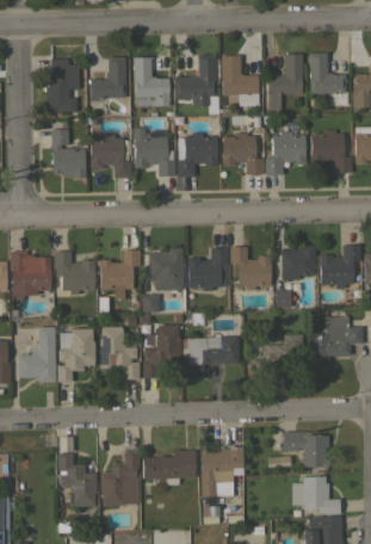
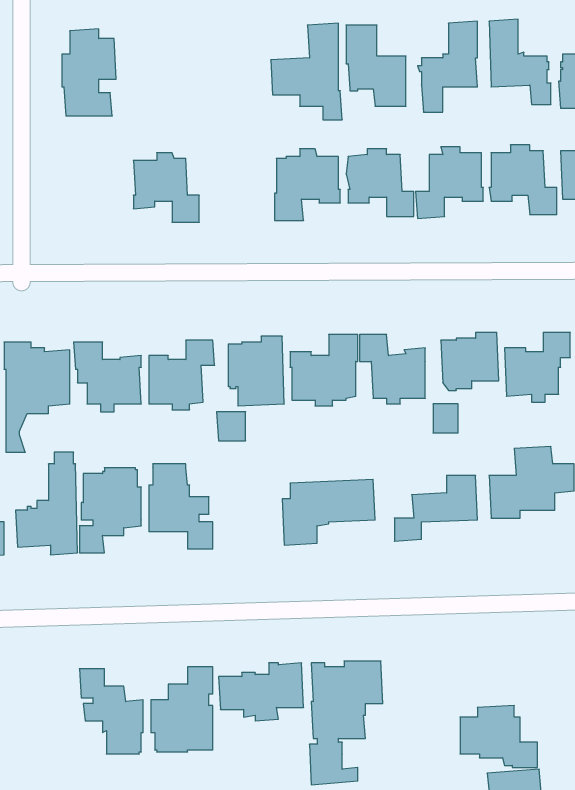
building: [91,57,126,118] -> none
building: [134,57,171,106] -> none
building: [134,128,175,177] -> none
building: [51,130,87,178] -> none
building: [143,324,181,378] -> none
building: [284,432,329,466] -> none

